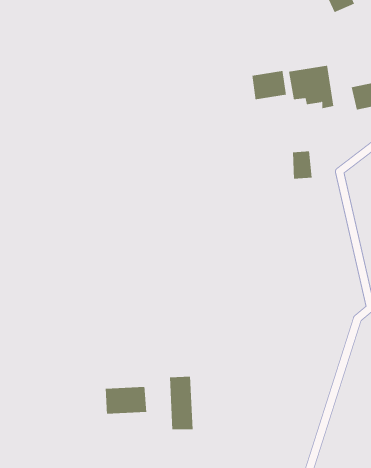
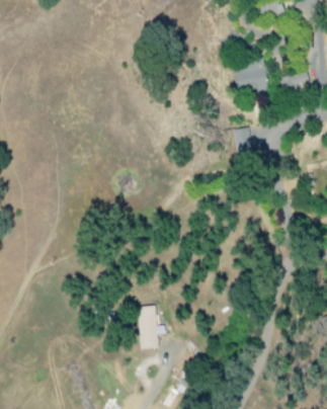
building: [252,70,286,100] -> none
building: [105,386,147,414] -> none

